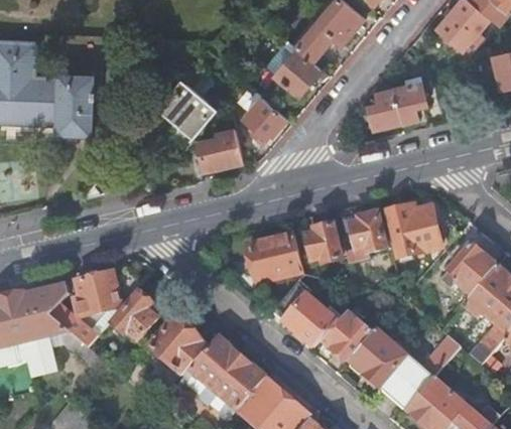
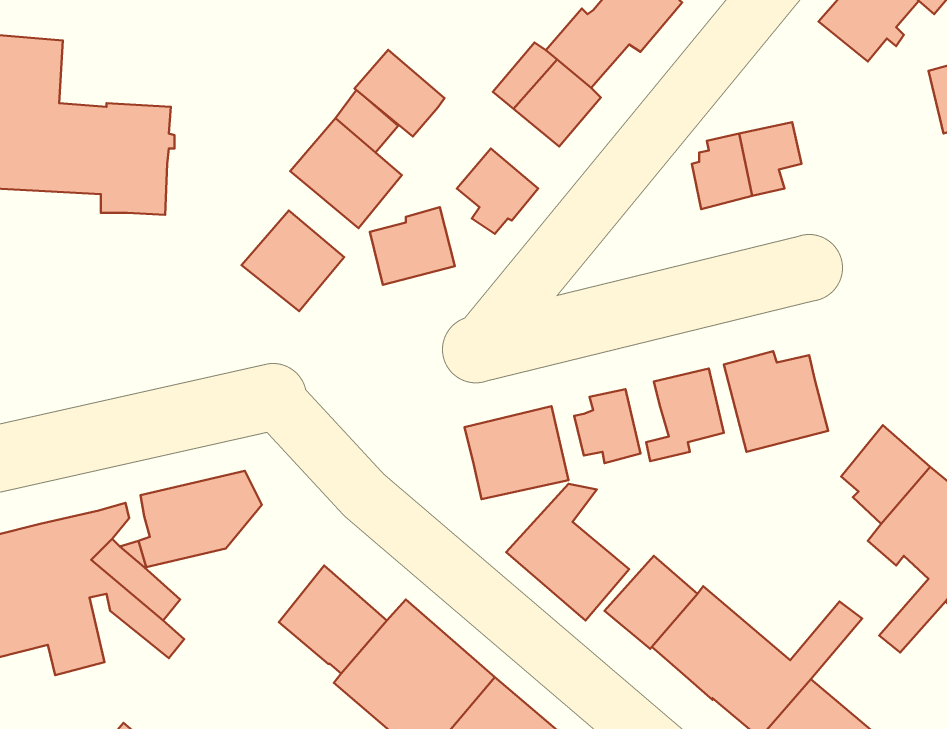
building: none -> [355,50,444,136]
building: none -> [242,210,344,311]
building: [111,290,157,341] -> none

